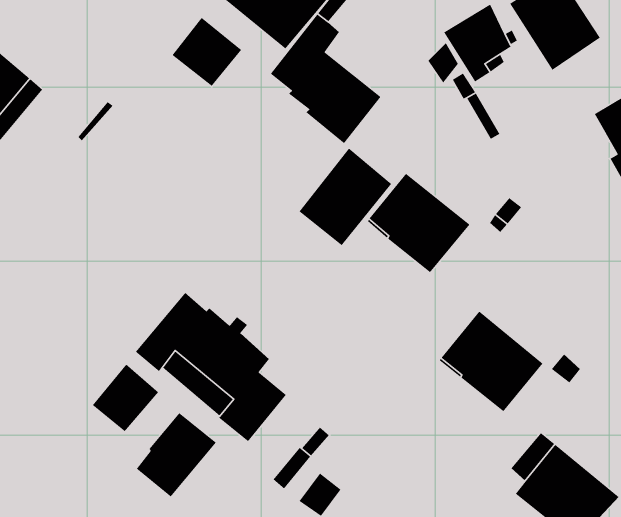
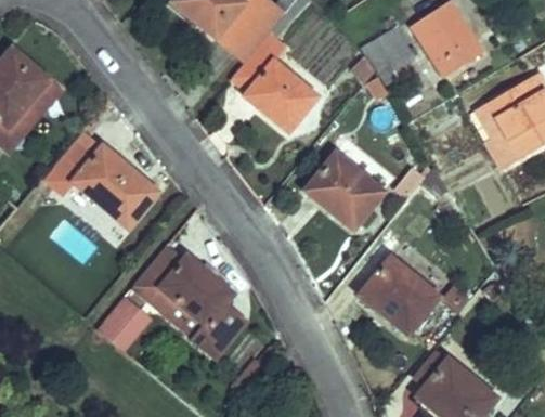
building: [171,17,242,87] -> none
building: none -> [44,133,157,227]
building: [298,148,392,246] -> none
building: [136,412,217,497] -> none

